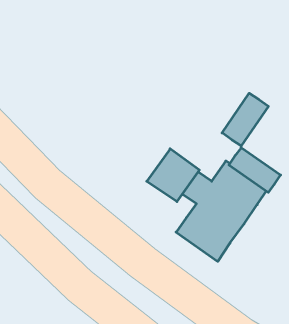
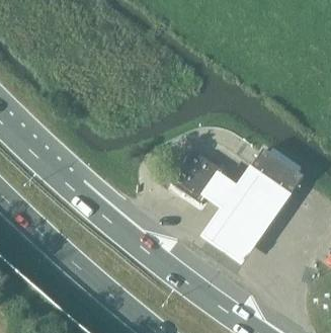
building: [222,93,268,146] -> none

